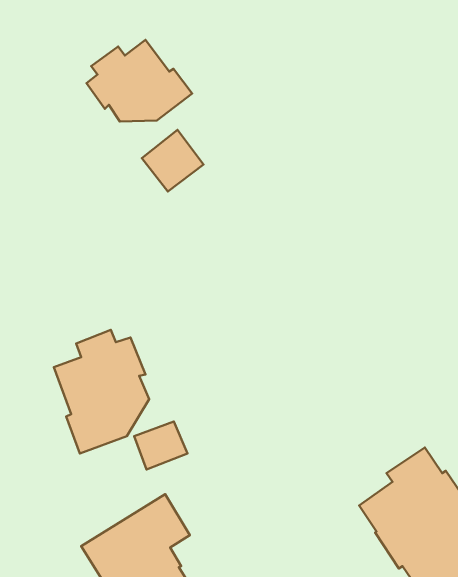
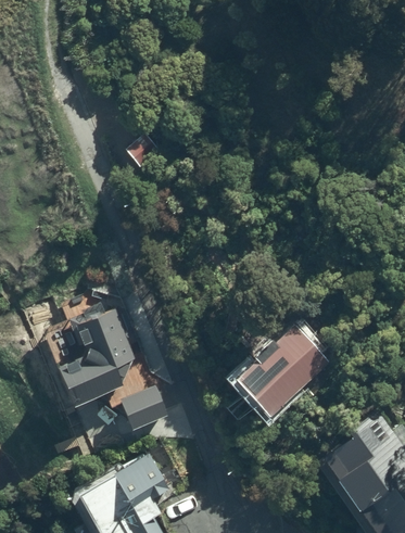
building: [87,40,192,122] -> none
building: none -> [235,327,324,415]

